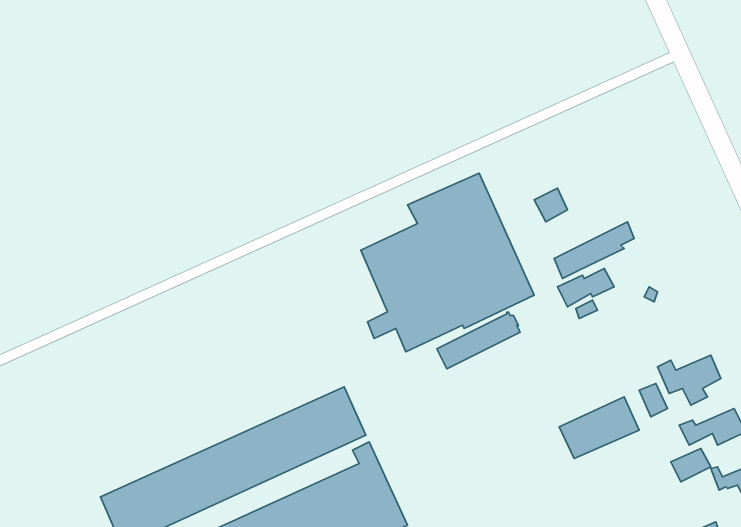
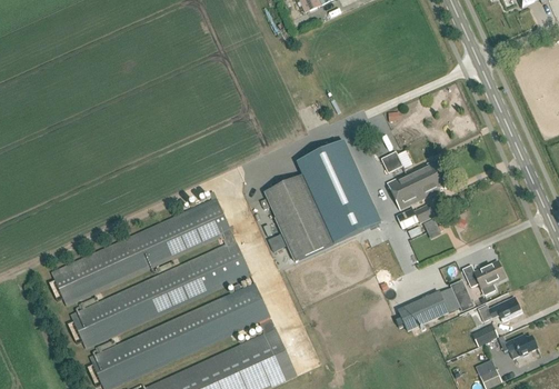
building: none -> [51,198,248,347]
building: [437,312,520,369] -> [387,159,442,197]

